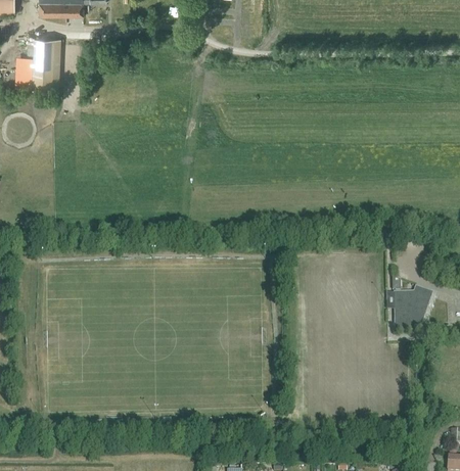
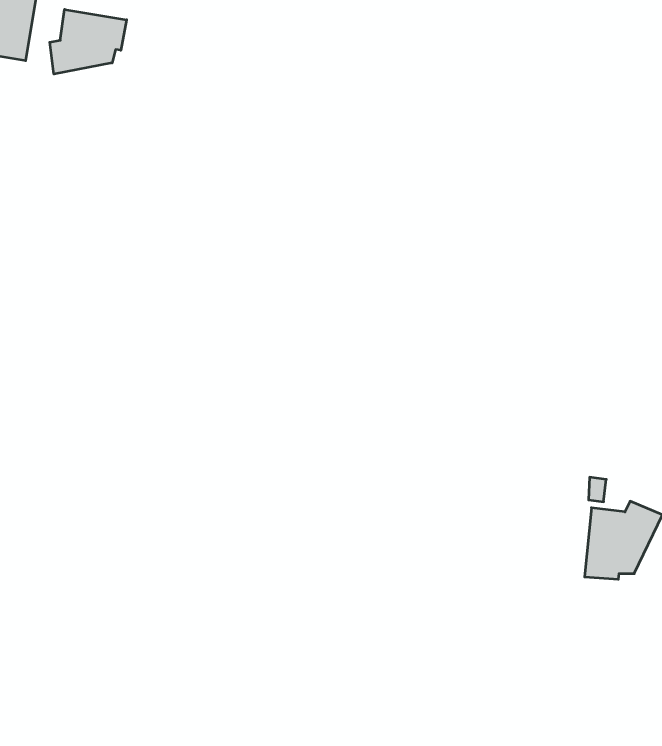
building: none -> [50,9,127,74]

